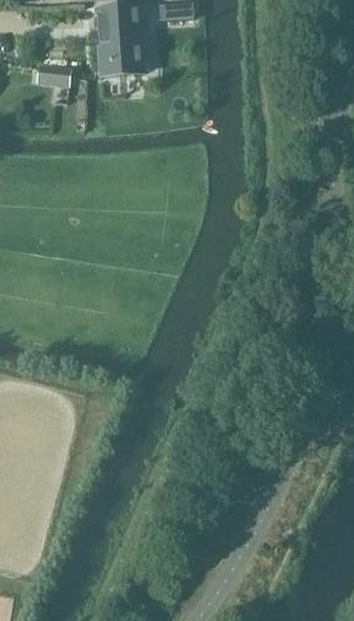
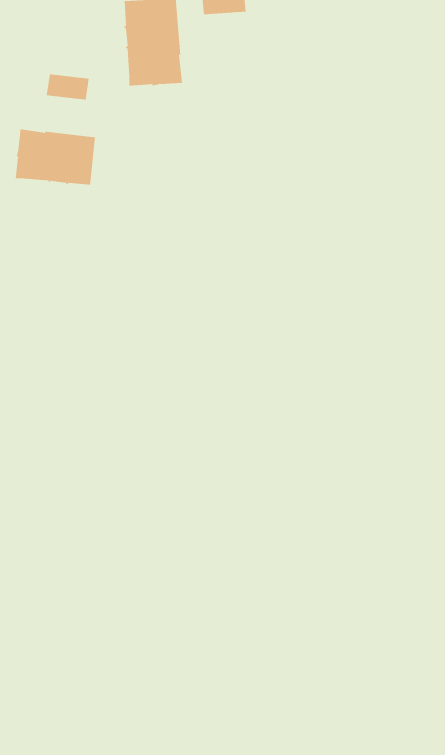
building: none -> [15,129,95,186]

